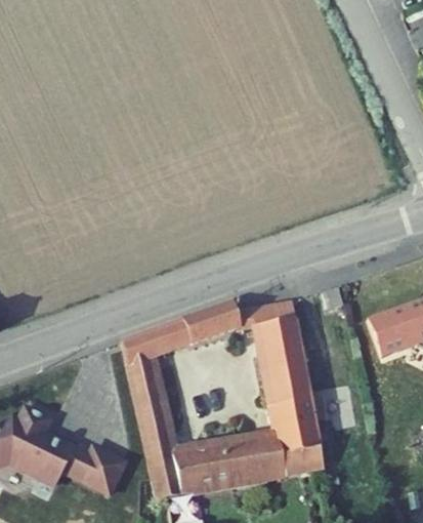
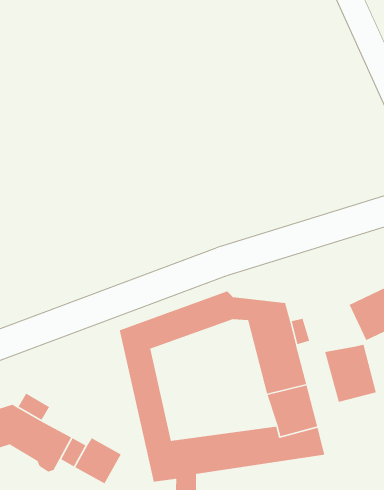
building: none -> [324,344,377,403]

